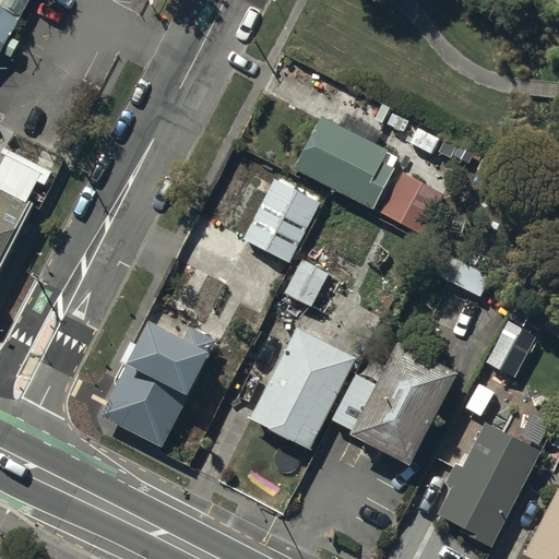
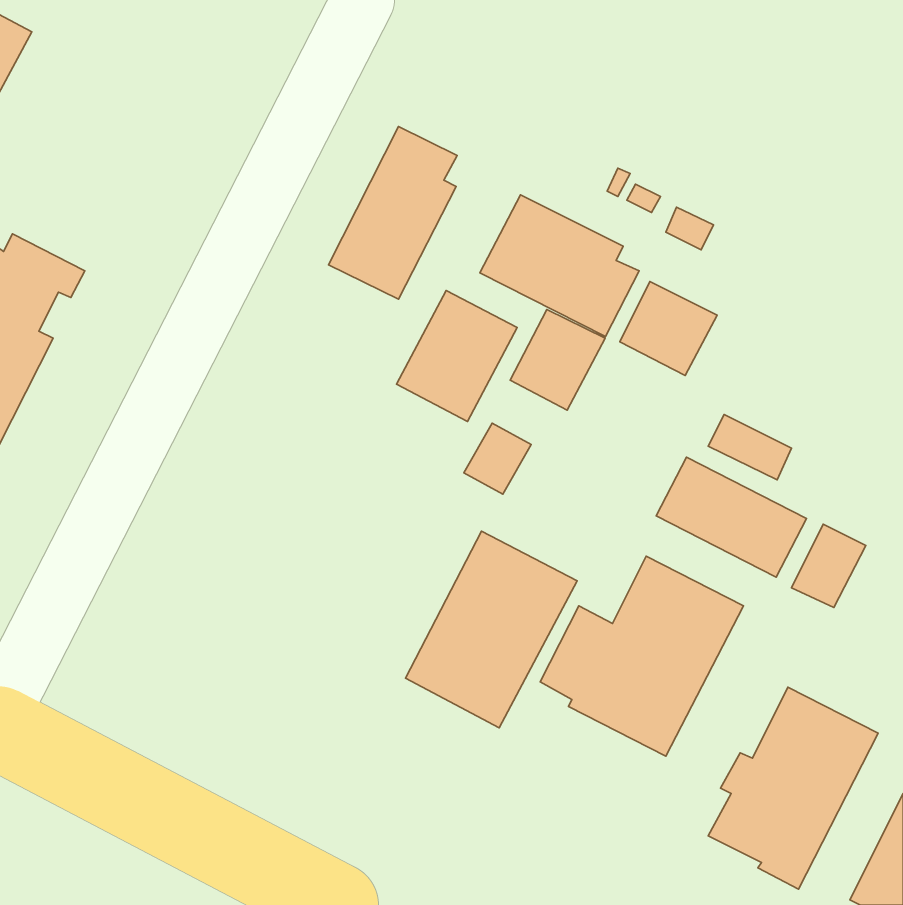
building: none -> [328,126,457,299]
building: none -> [510,309,605,410]
building: none -> [656,457,806,577]
building: [98,310,213,447] -> none

